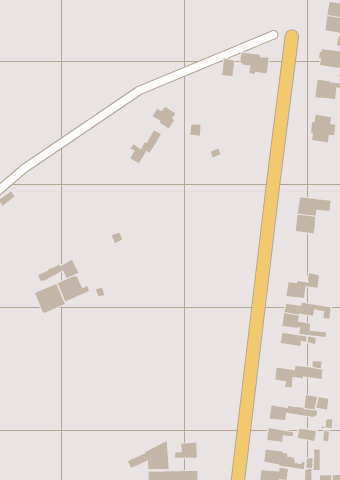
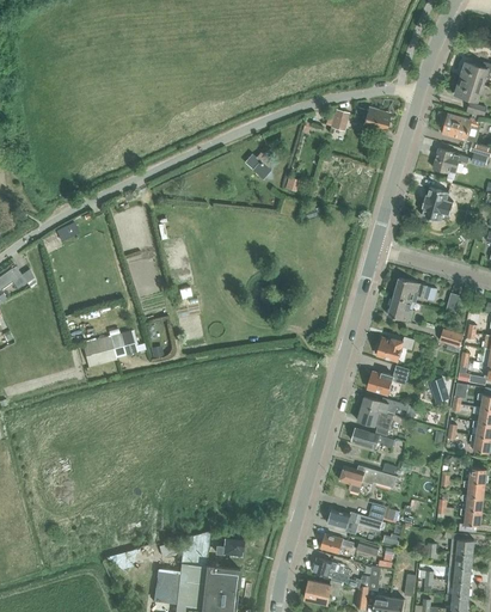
building: [130,130,162,165] -> none
building: none -> [376,337,413,361]
building: [37,259,79,282] -> none

